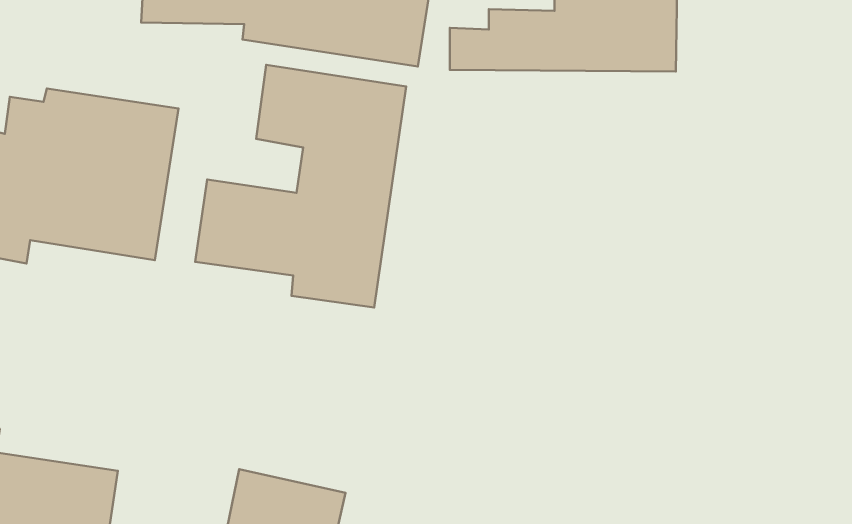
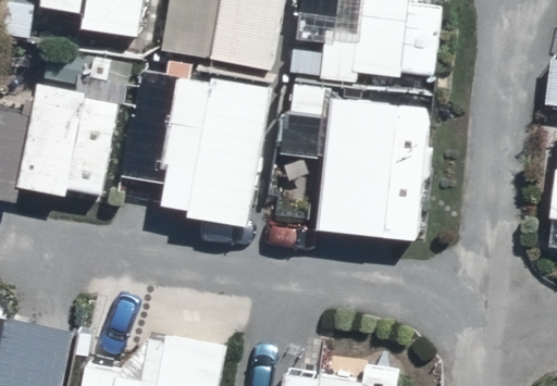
building: none -> [317,95,432,244]

